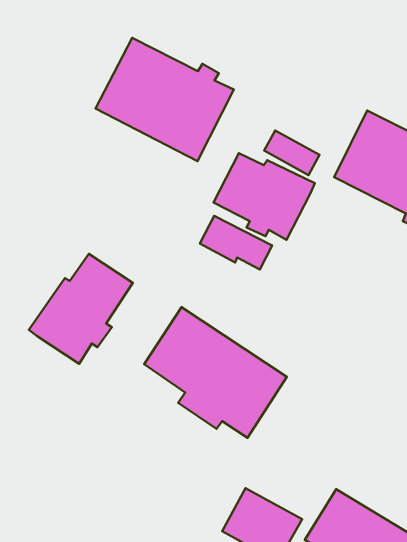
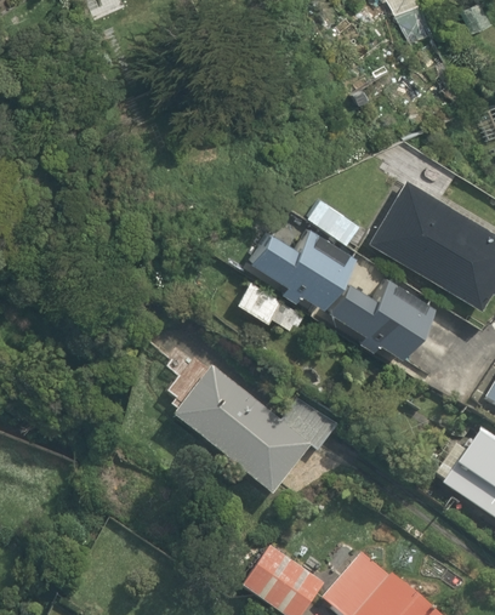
building: [95,38,234,161] -> none
building: none -> [326,262,429,354]
building: [29,254,133,364] -> none

